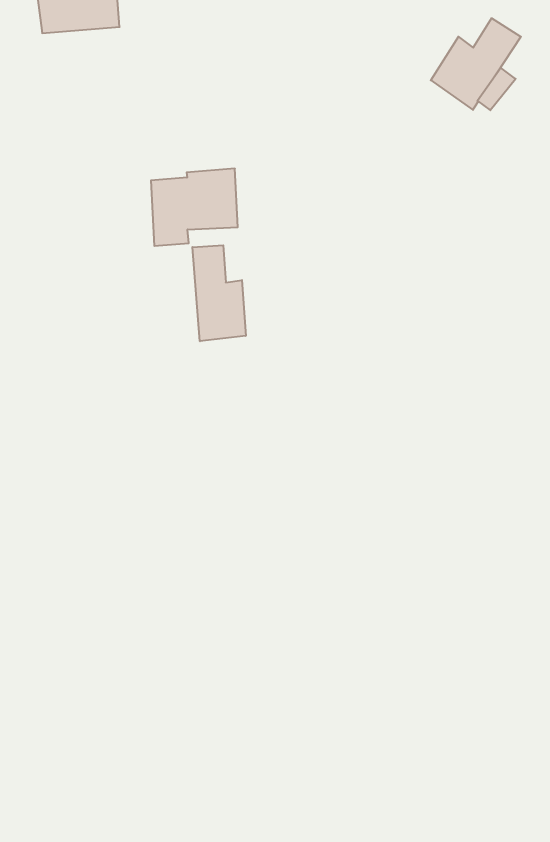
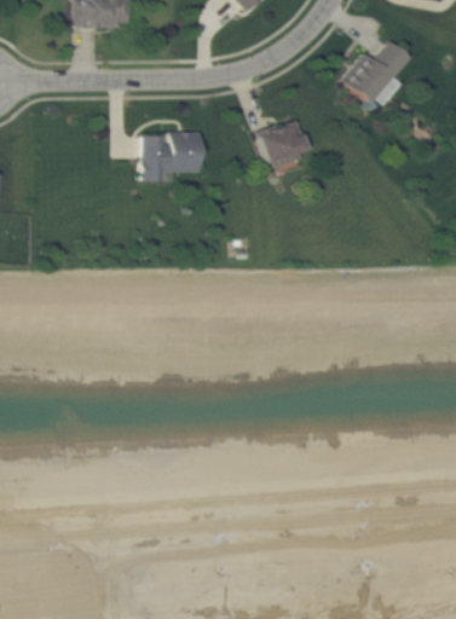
building: none -> [256,117,310,162]
building: [192,245,246,341] -> none

